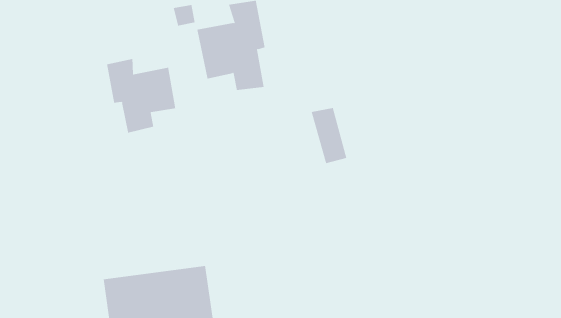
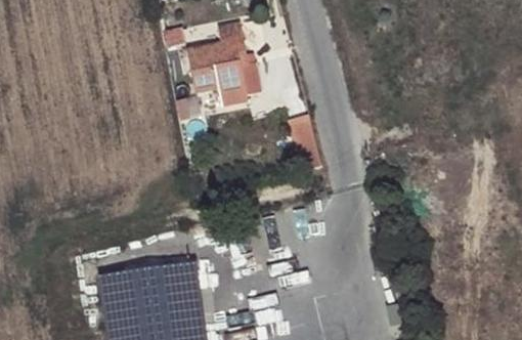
building: [106,58,176,134] -> none

